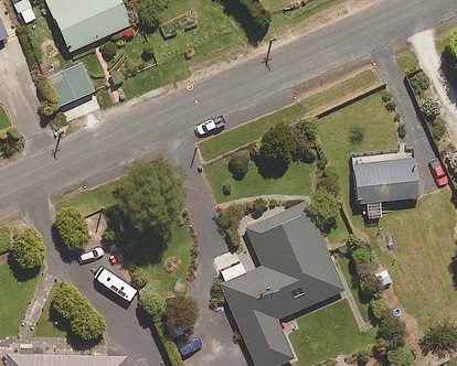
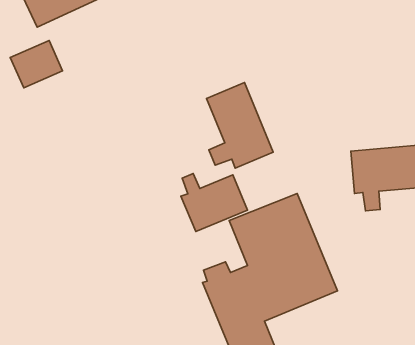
building: none -> [206,82,273,168]
building: none -> [181,173,248,231]

